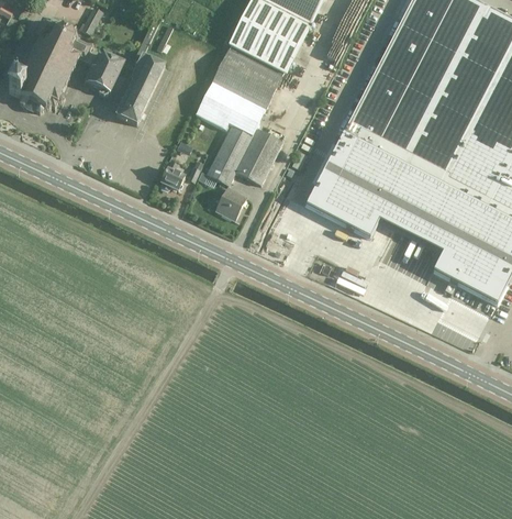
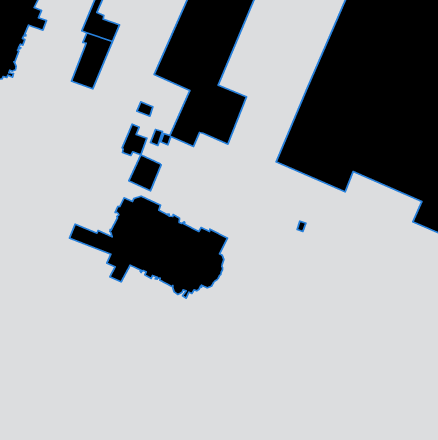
building: [84,51,124,95] -> none
building: [215,185,247,220] -> [129,155,161,191]
building: none -> [70,196,227,298]

